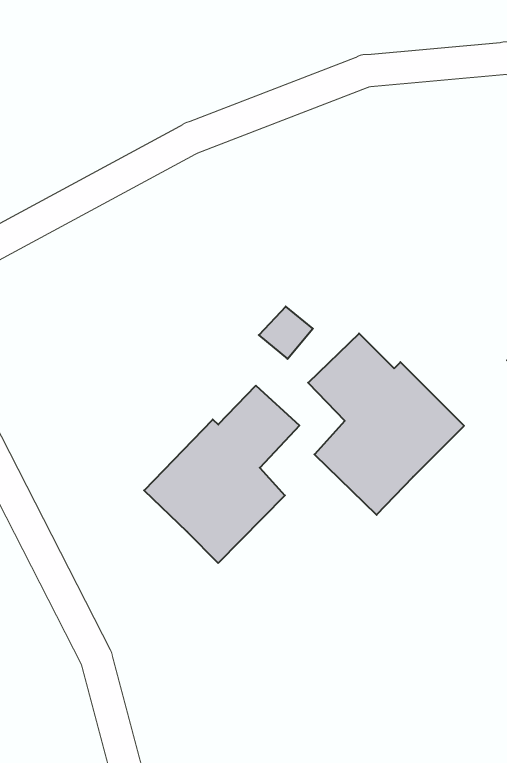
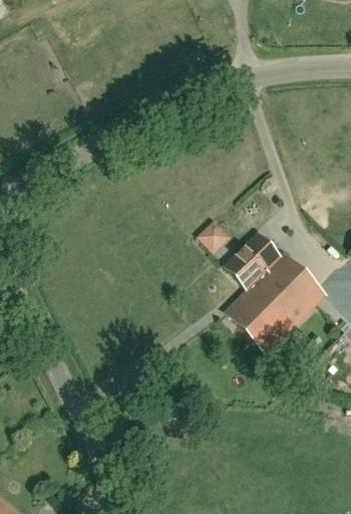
building: [144,386,299,563] -> none

